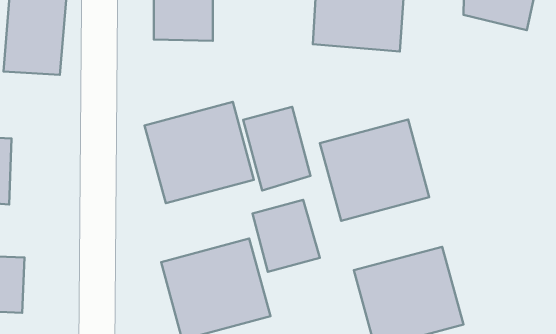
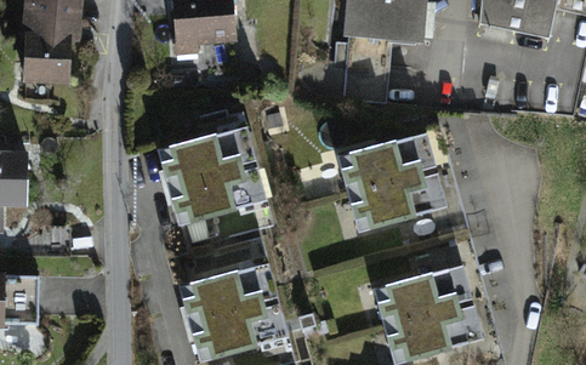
building: [243,107,310,190] -> none
building: [252,200,320,272] -> none

